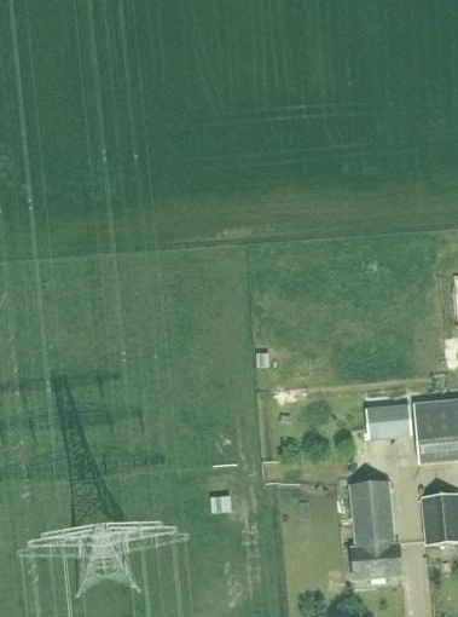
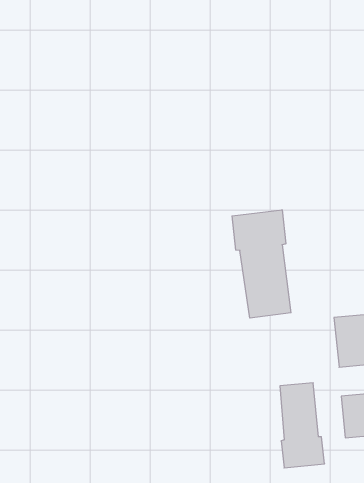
building: none -> [232,210,291,318]
building: [365,403,411,437] -> none

